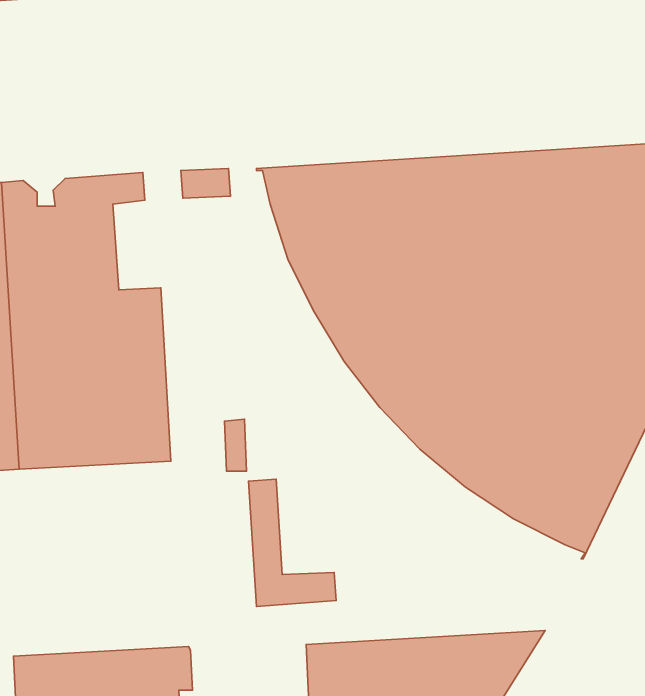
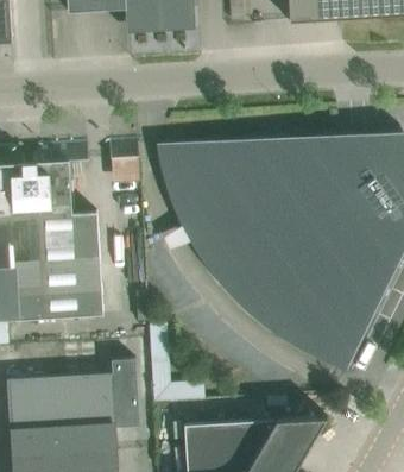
building: none -> [7,360,139,433]

